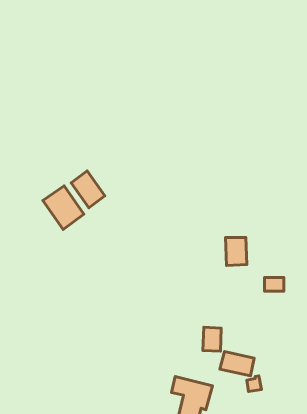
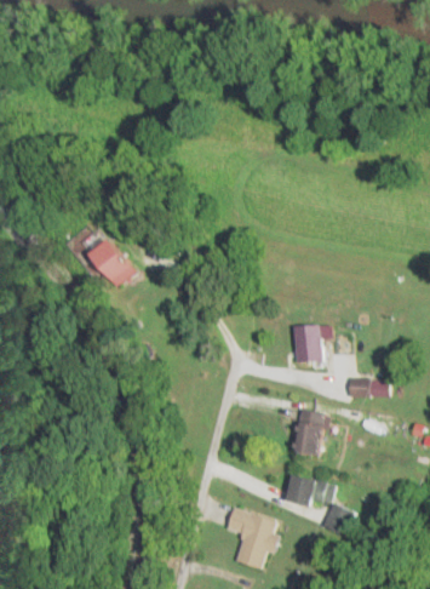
building: [43,186,84,229] -> none
building: [203,327,221,351] -> [300,422,325,453]

